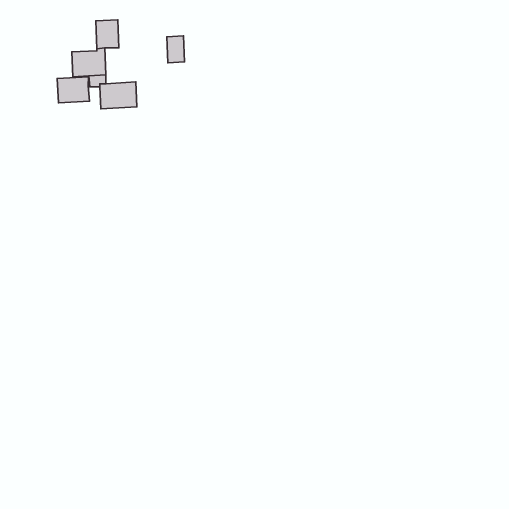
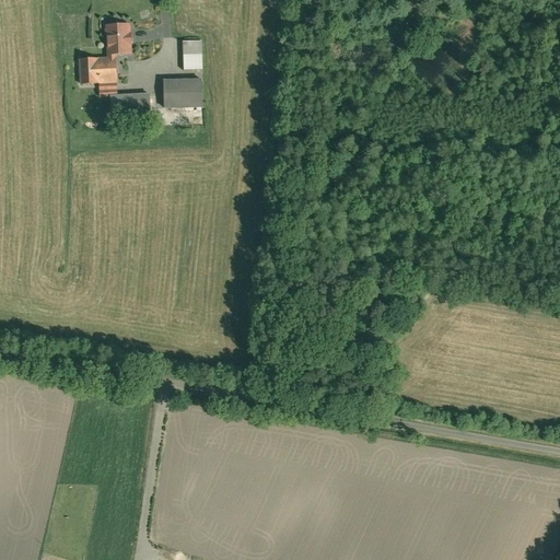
building: none -> [163,74,202,106]
building: [57,77,90,103] -> none

